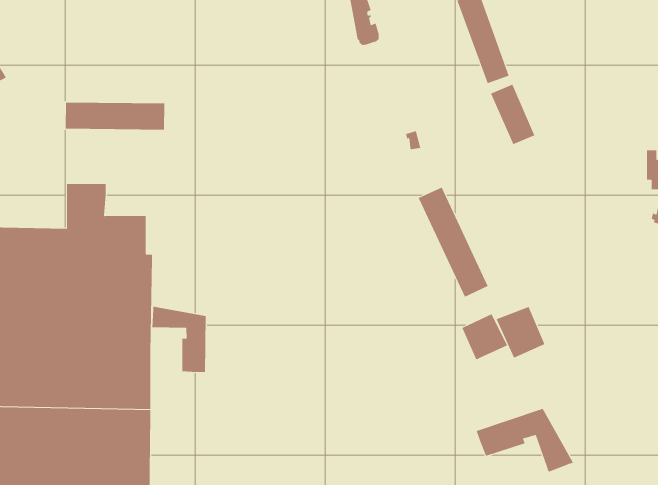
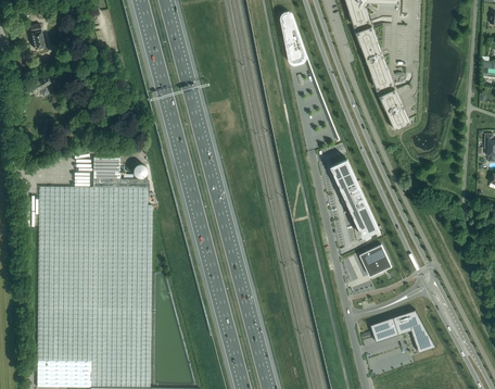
building: [65,102,165,130] -> none
building: [152,306,206,373] -> none
building: [496,306,545,359] -> none

